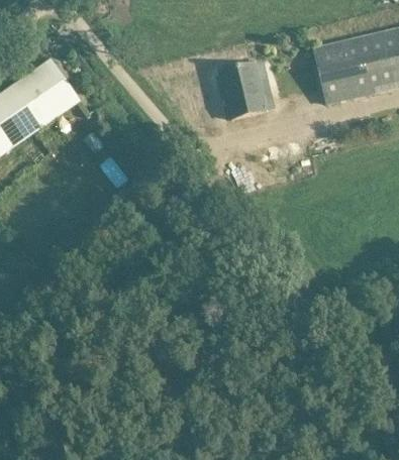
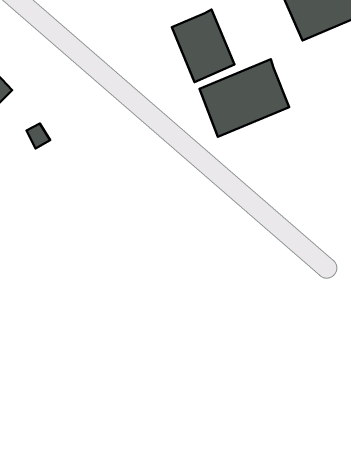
building: none -> [200,59,289,137]

